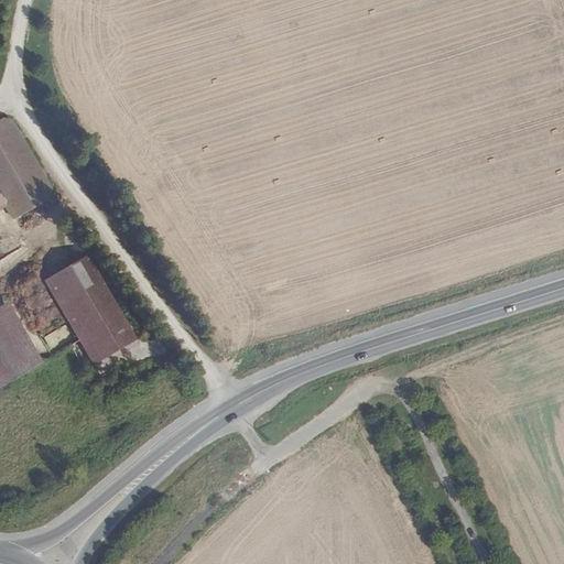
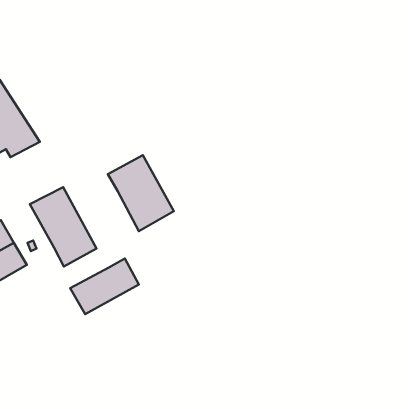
building: none -> [108,155,174,231]
building: none -> [70,258,139,314]

